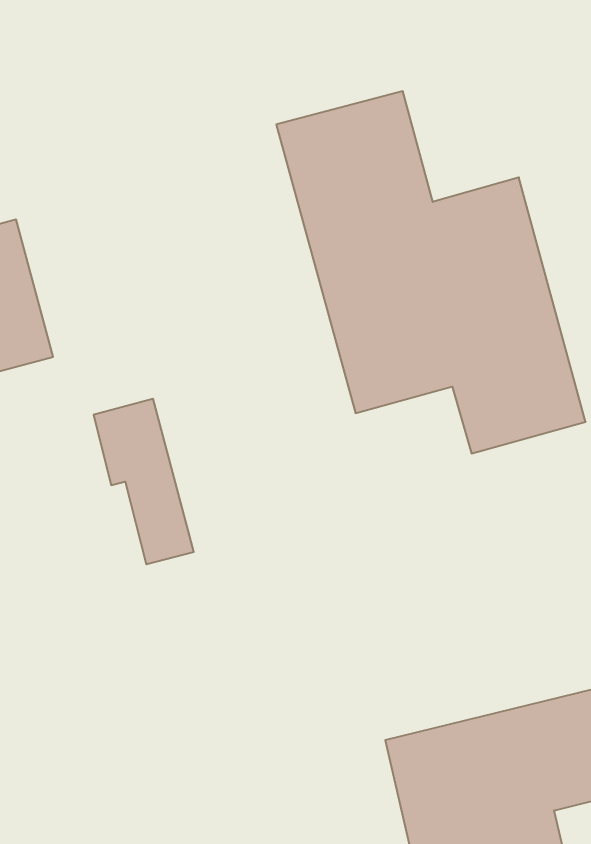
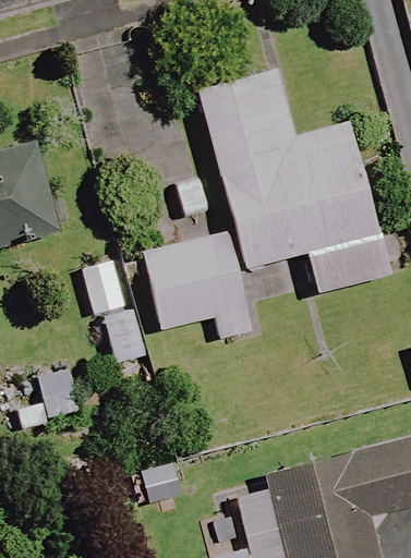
building: none -> [143,231,252,338]

